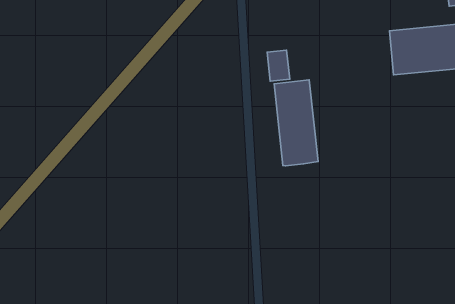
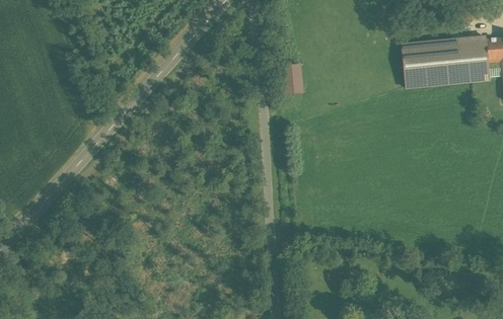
building: [274,80,318,166] -> none

